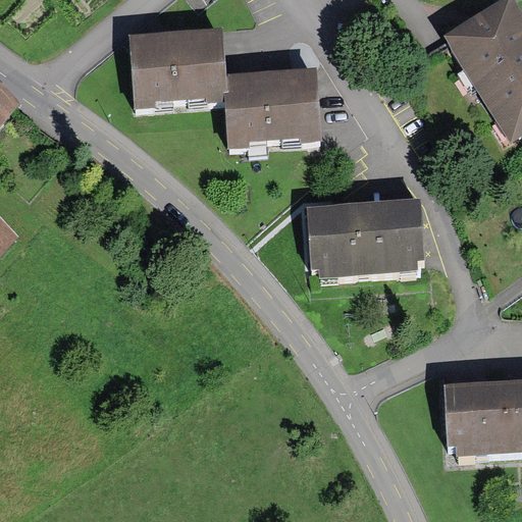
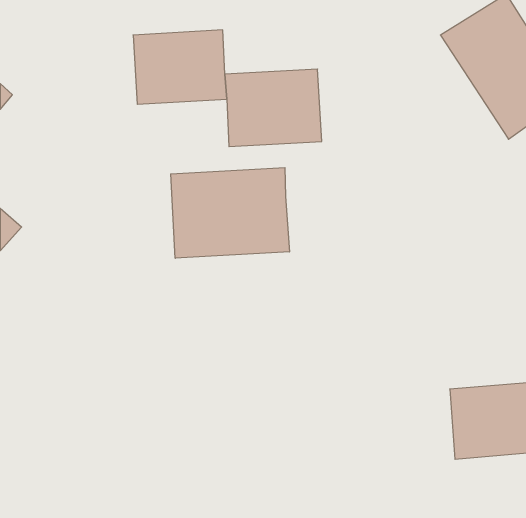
building: none -> [171,168,289,258]
building: [308,201,422,273] -> none

